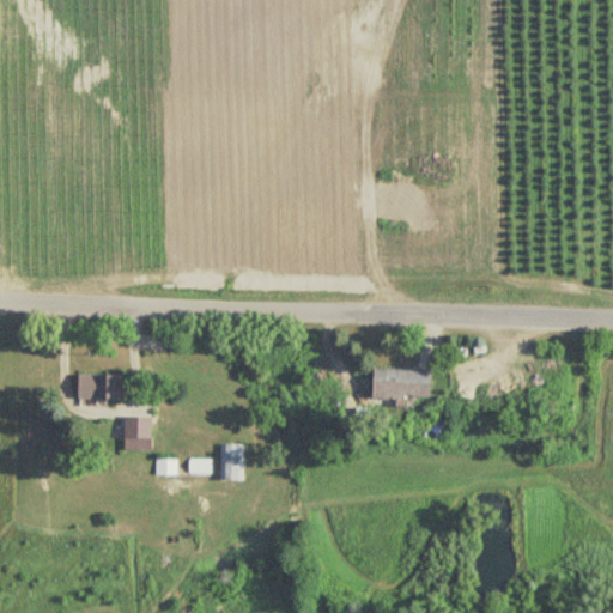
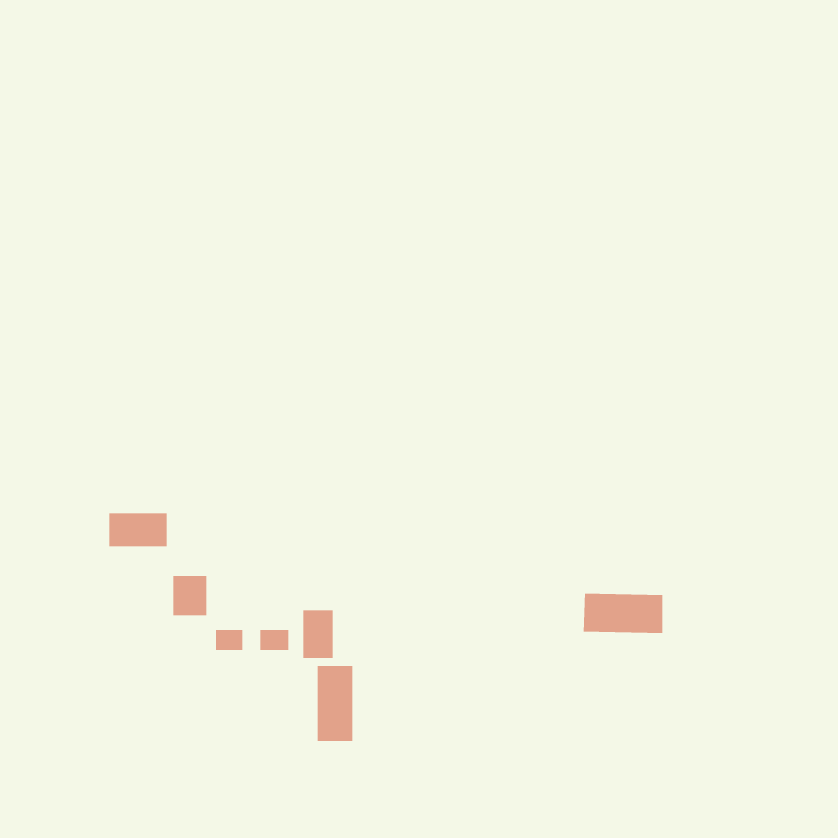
building: [372,368,431,397] -> [583,593,663,634]
building: none -> [317,665,353,742]

